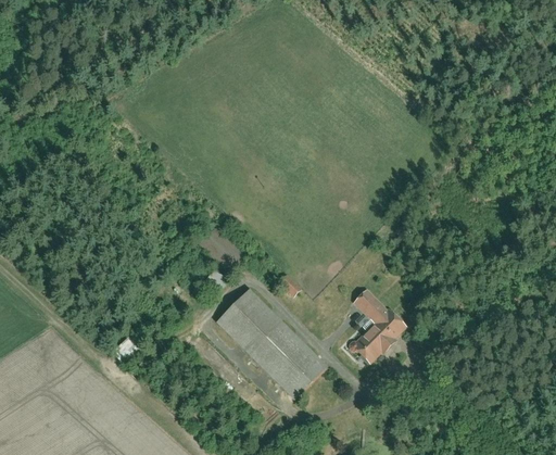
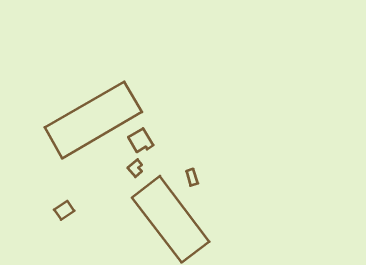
building: none -> [45,82,142,158]
building: [349,287,407,365] -> none

